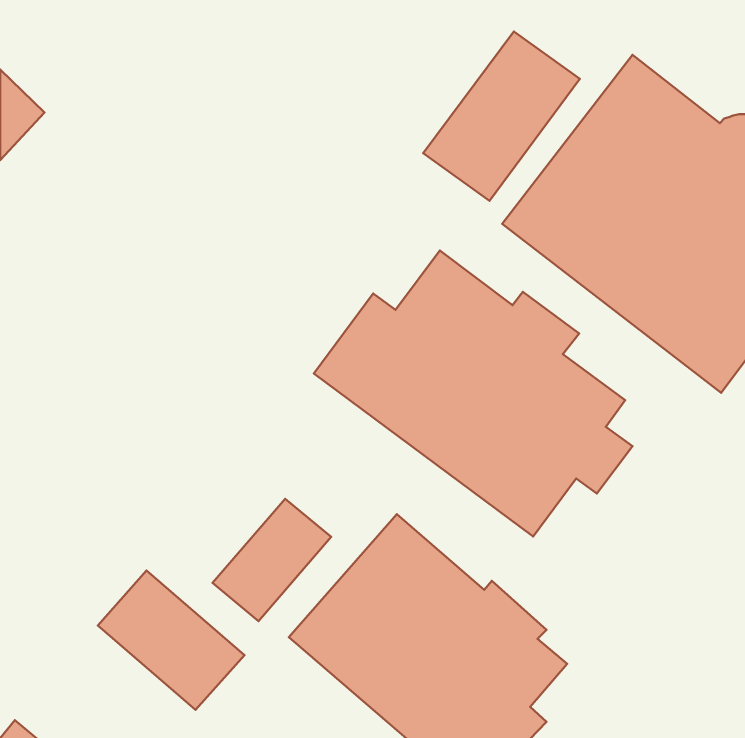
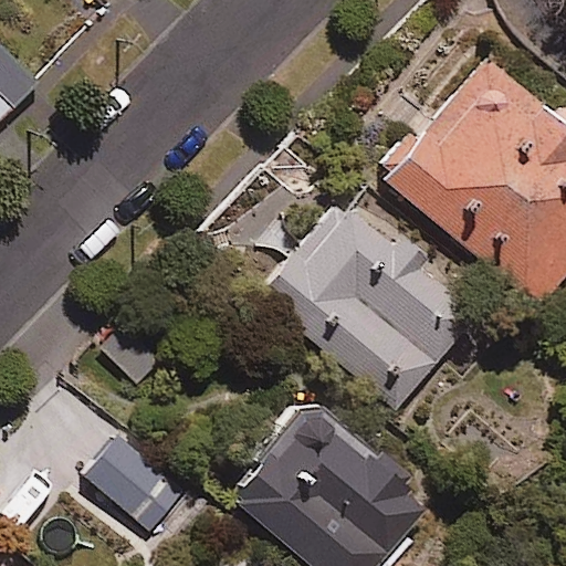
building: [423,31,580,201] -> none
building: [213,499,331,621] -> none

